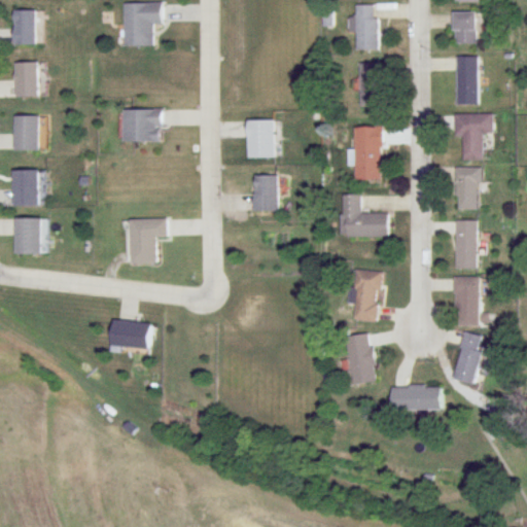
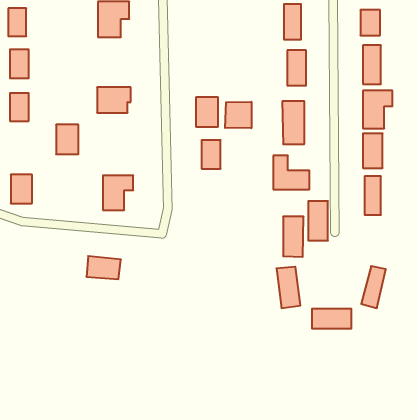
building: none -> [225,102,251,128]
building: [10,170,38,207] -> [56,125,78,154]
building: [454,277,479,326] -> [308,201,328,241]

